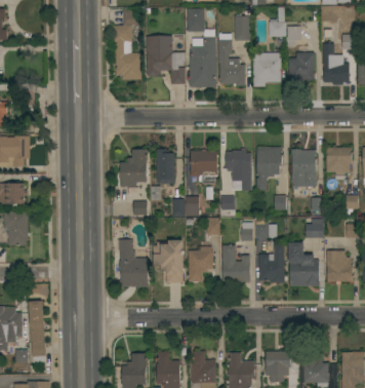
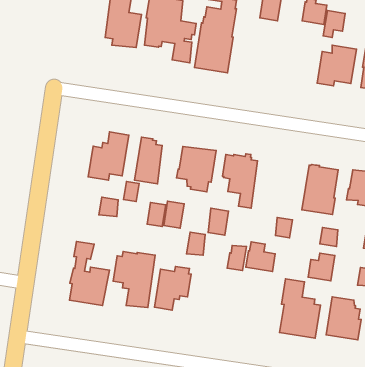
building: [218,34,245,85] -> none
building: [253,52,286,86] -> none
building: [256,147,282,190] -> none
building: [259,244,285,283] -> none
building: [222,245,250,282] -> none

